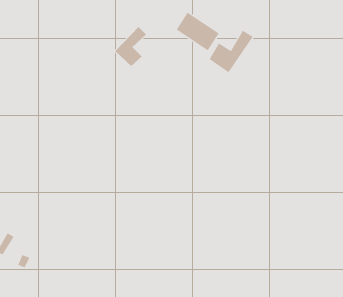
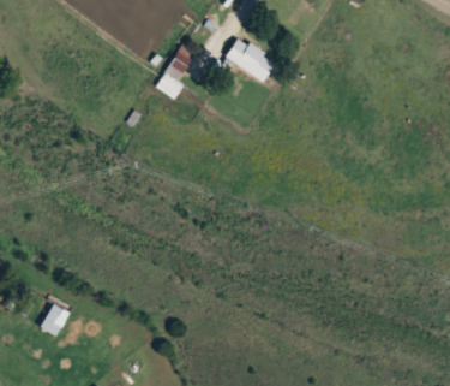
building: [209,30,253,73] -> none

